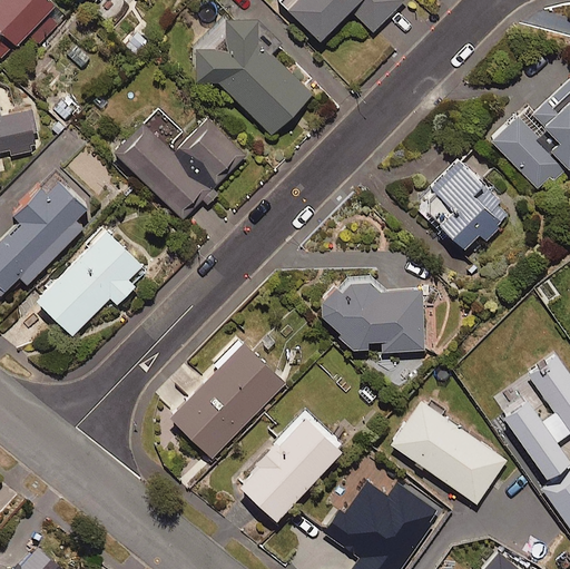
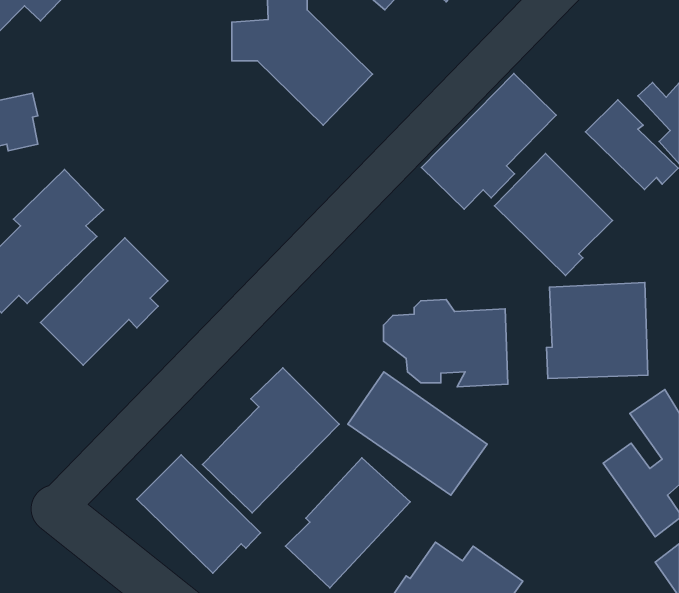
building: none -> [421,73,556,209]
building: [119,118,244,222] -> none
building: none -> [546,283,648,379]
building: [391,401,507,503] -> [348,372,487,495]
building: none -> [137,455,260,573]

